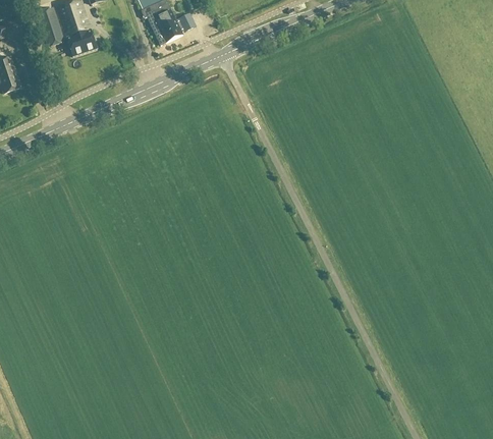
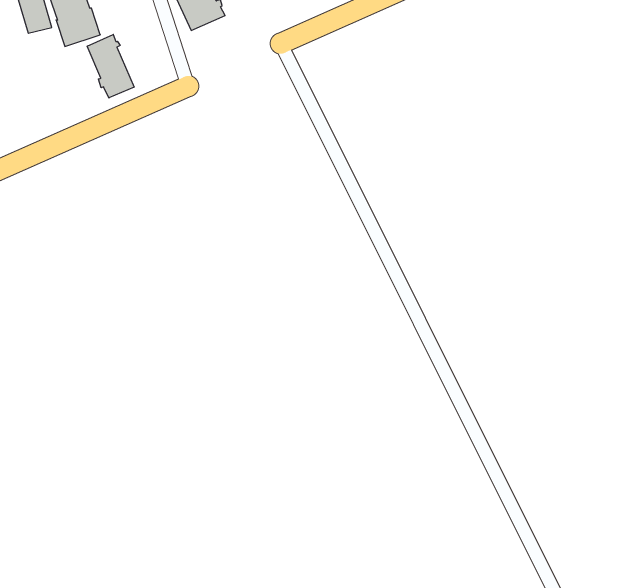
building: none -> [87,34,134,98]

